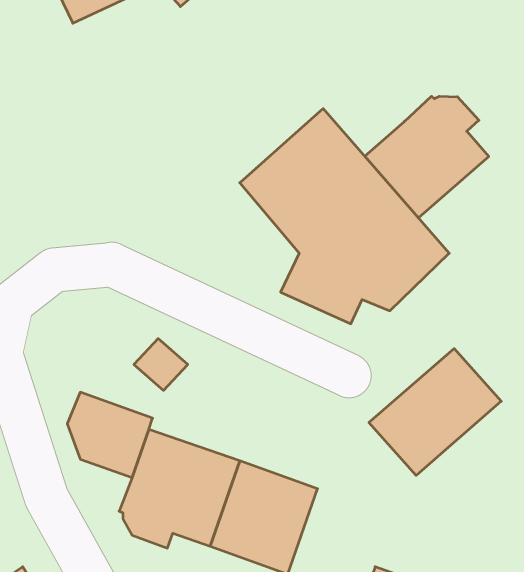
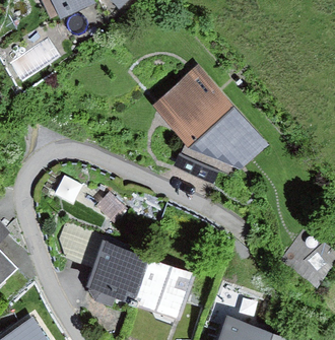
building: [365,96,489,218] -> none
building: [369,349,501,475] -> none

